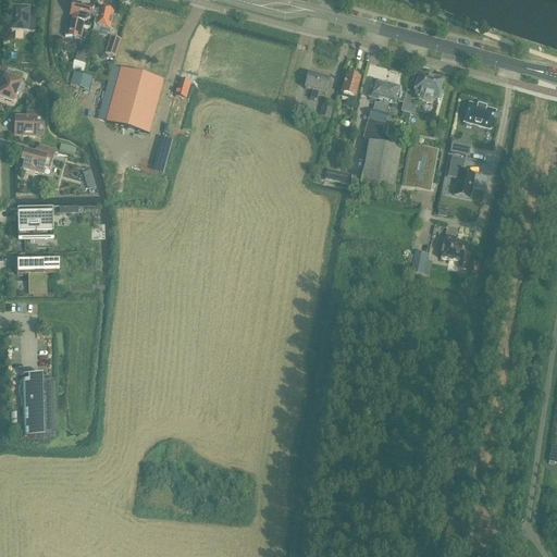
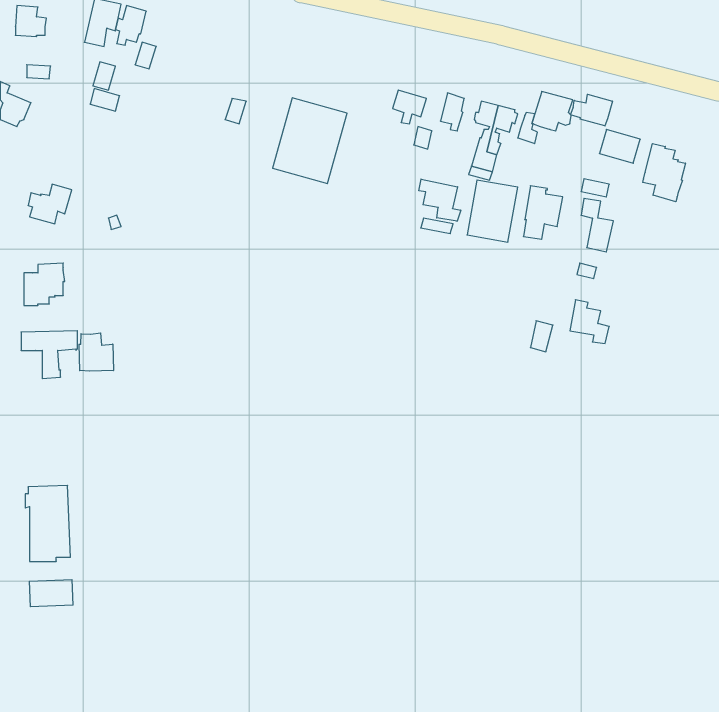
building: [106,64,163,131] -> [273,98,347,184]
building: none -> [571,94,612,126]
building: [14,107,41,133] -> none
building: none -> [643,144,685,202]
building: none -> [419,179,461,221]
building: none -> [79,333,113,371]
building: none -> [29,580,73,607]

